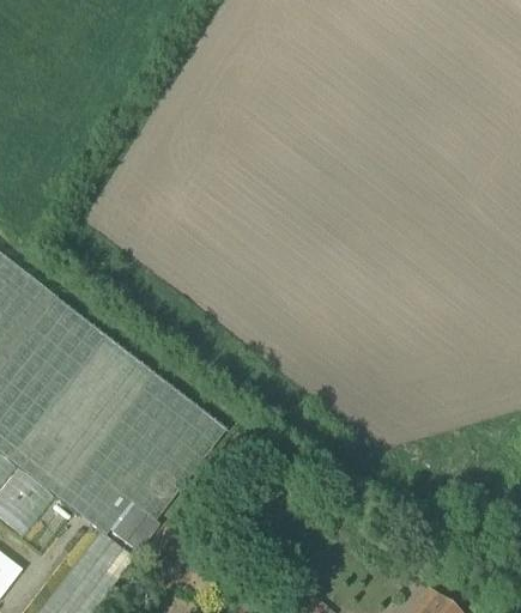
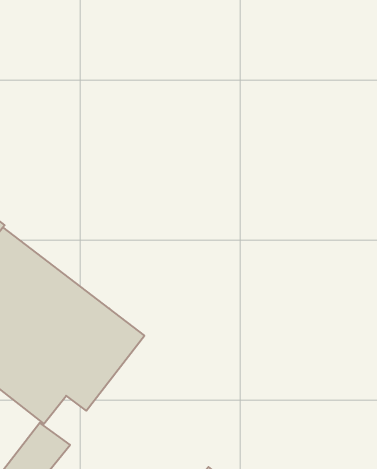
building: [114,506,162,554] -> none

